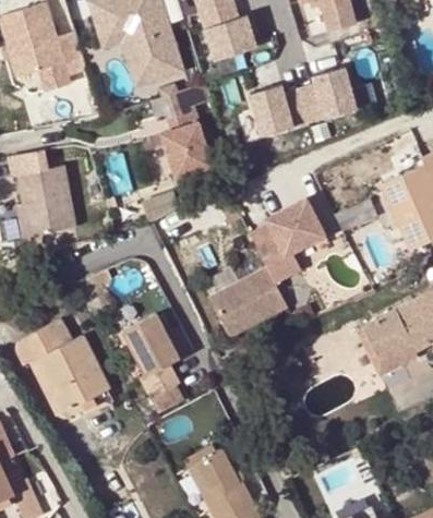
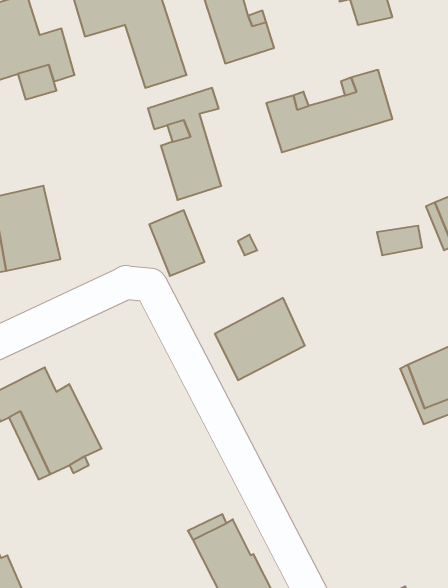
building: [96,29,147,87] -> none
building: [249,197,323,276] -> none
building: [121,311,180,396] -> none

